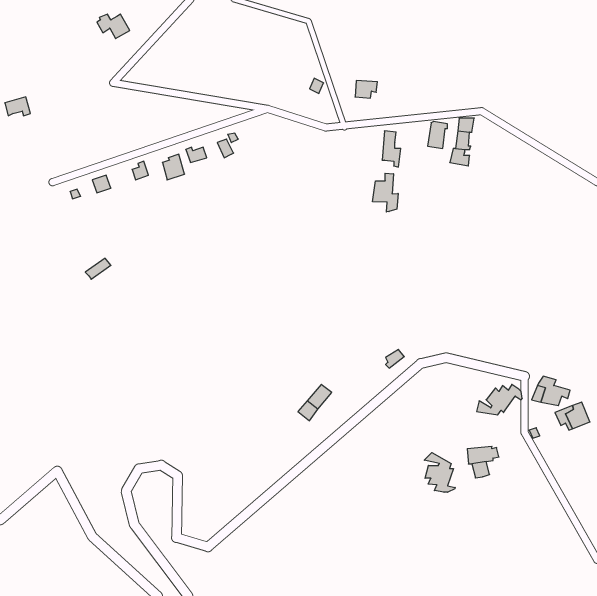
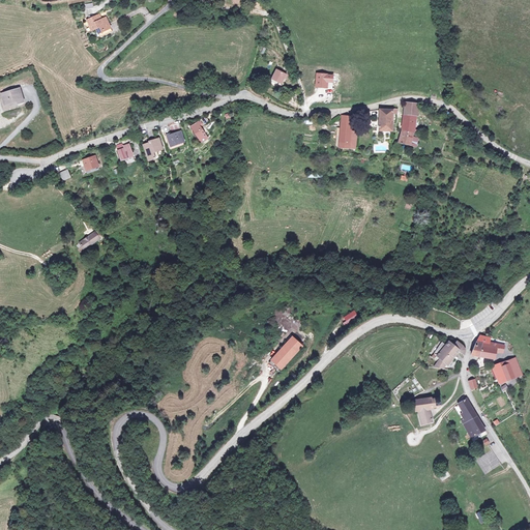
building: [373,173,398,212] -> none
building: none -> [457,396,484,437]
building: [424,453,455,492] -> none

